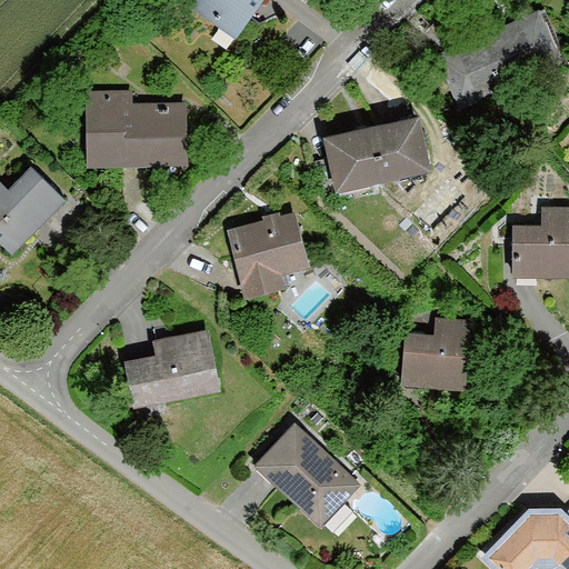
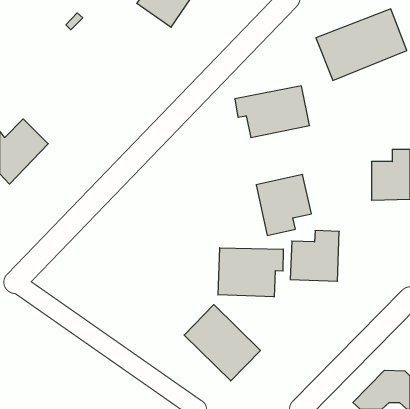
building: [88,91,187,163] -> none
building: [230,213,307,298] -> [256,174,311,235]
building: [128,330,219,402] -> none
building: none -> [218,248,283,297]

